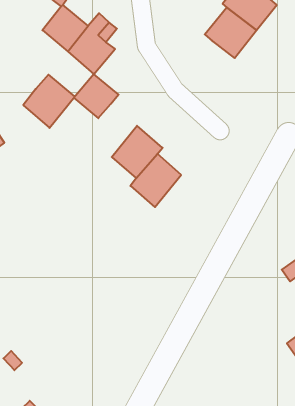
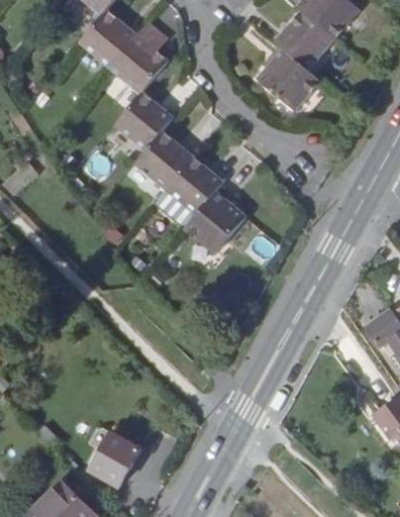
building: none -> [260,55,321,115]
building: [23,75,75,128] -> [131,129,193,193]
building: none -> [90,433,138,486]

